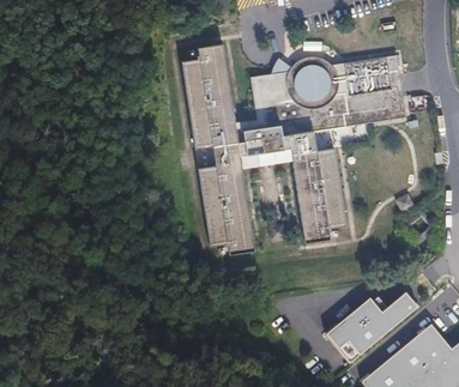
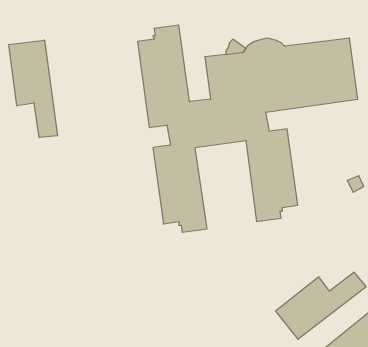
building: none -> [9,40,58,138]

